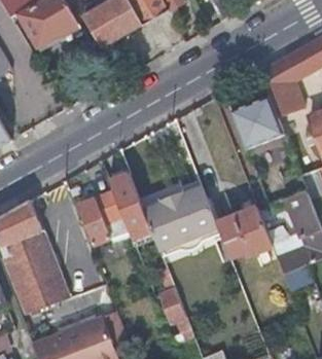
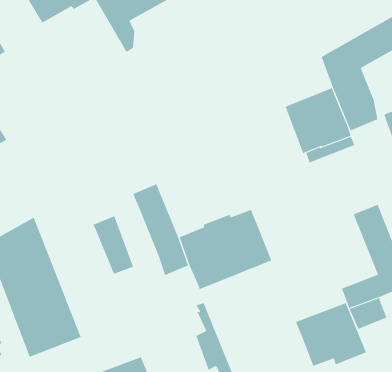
building: [96,190,131,239] -> none
building: [217,206,275,257] -> [295,303,367,367]

